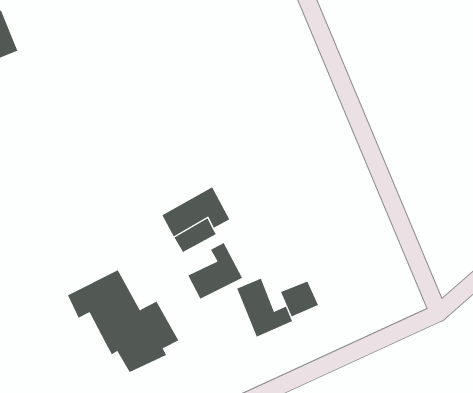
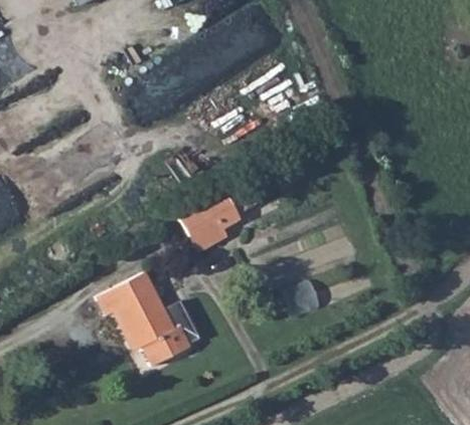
building: [187,242,243,299] -> none
building: [237,278,293,337] -> none

